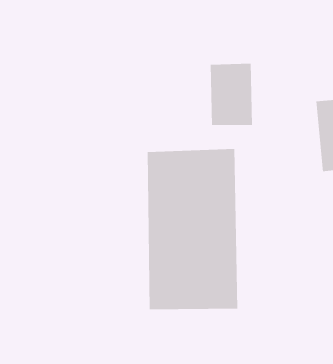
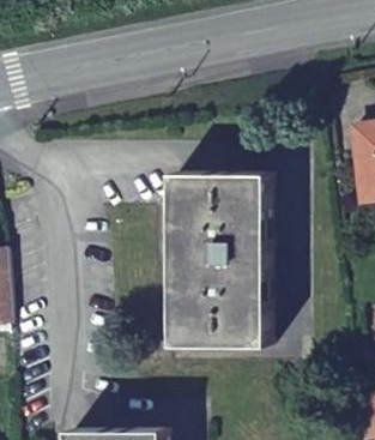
building: [210,63,253,126] -> none

